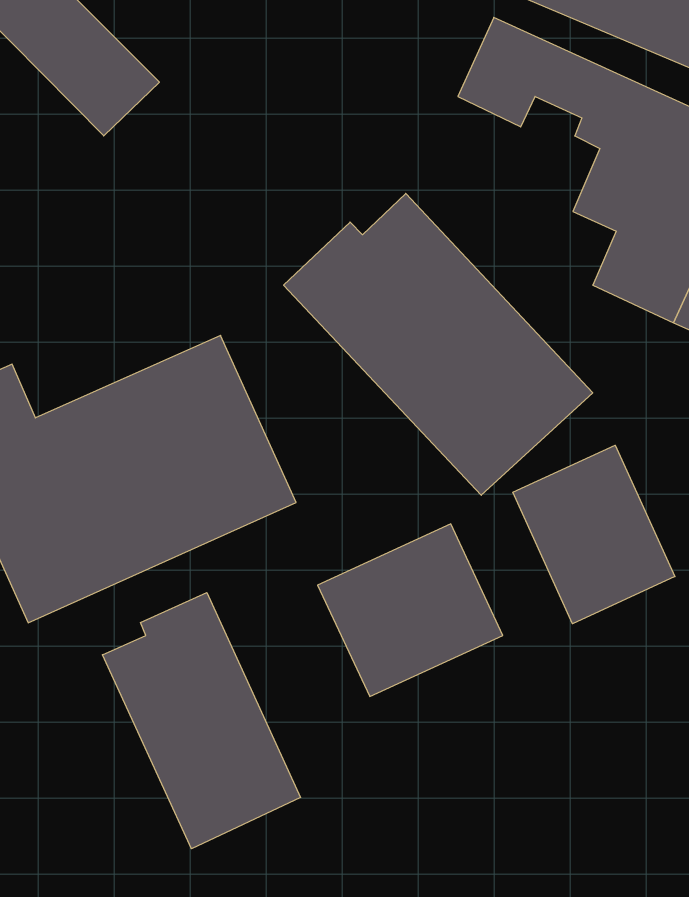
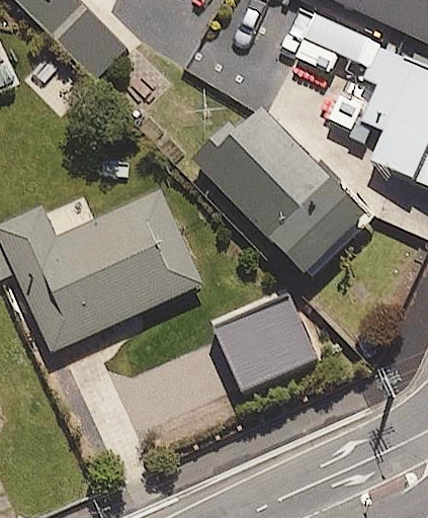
building: [513,445,675,624] -> none
building: [102,593,300,849] -> none

